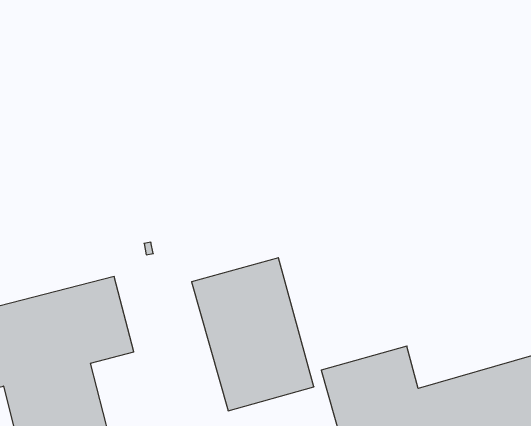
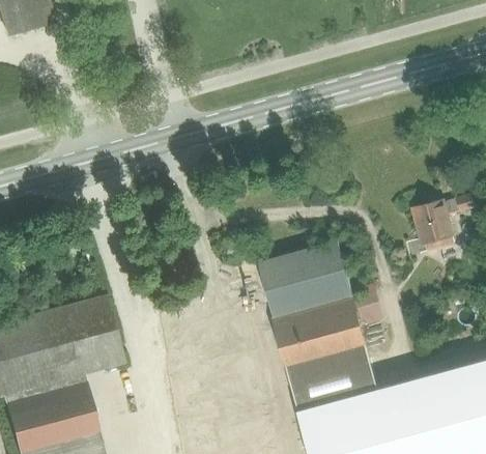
building: none -> [412,194,477,244]
building: [192,258,314,411] -> [259,240,370,379]

